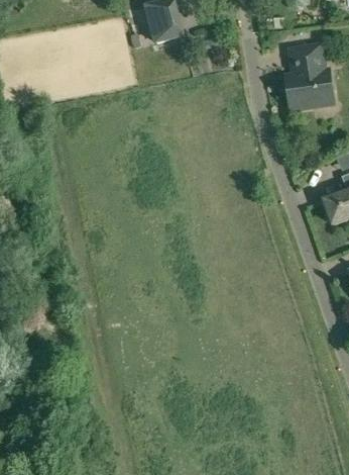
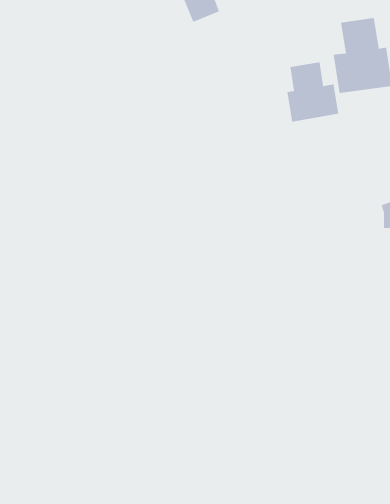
building: none -> [287,61,339,123]

